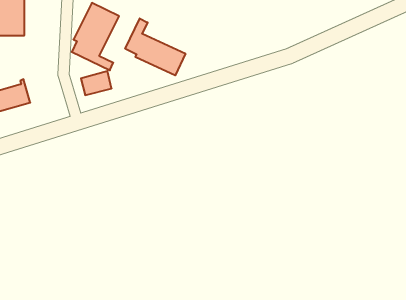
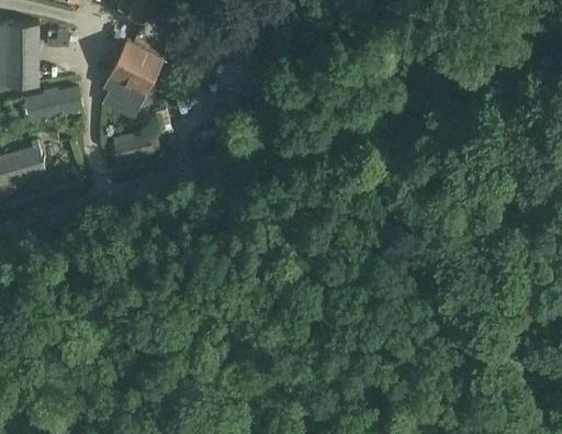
building: [125,18,185,75] -> none
building: none -> [24,87,83,121]

